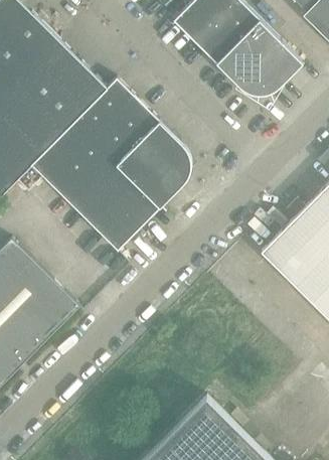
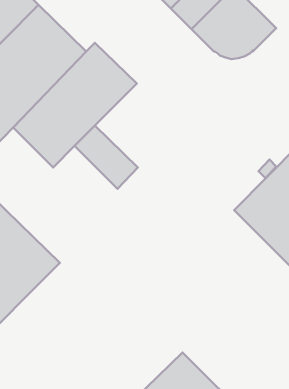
building: [117,121,191,207] -> none
building: [73,185,140,252] -> none

